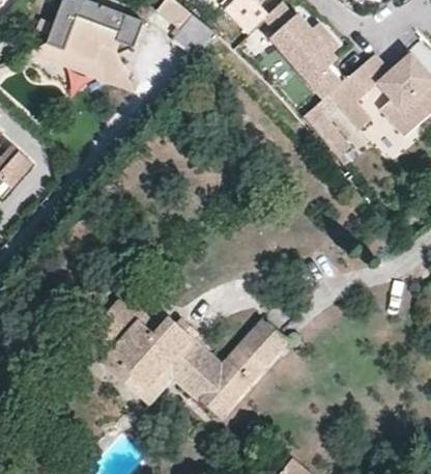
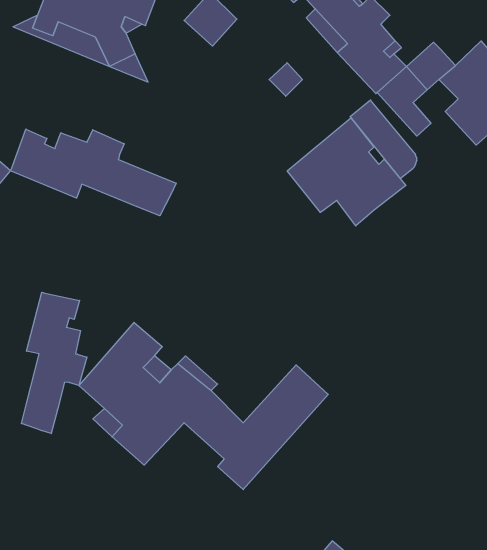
building: none -> [287,118,406,226]
building: none -> [11,129,176,216]
building: none -> [21,292,87,434]
building: [138,364,202,407] -> none

